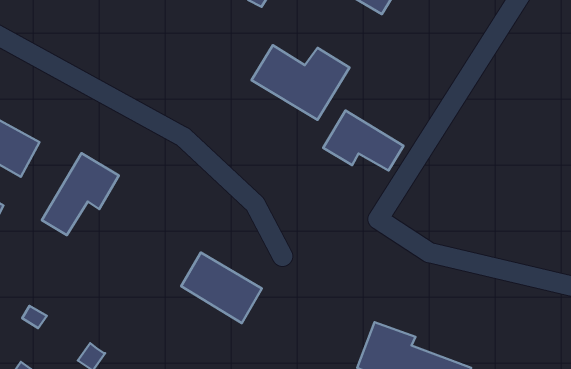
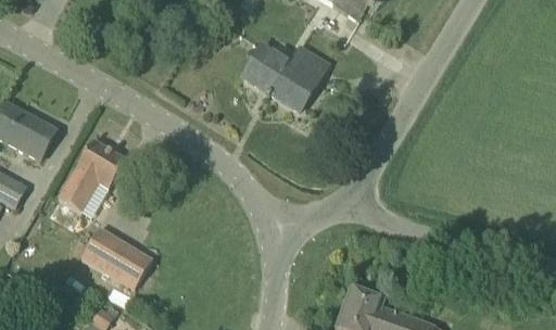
building: [323,111,403,171] -> none
building: [181,252,262,323] -> [81,227,152,289]

